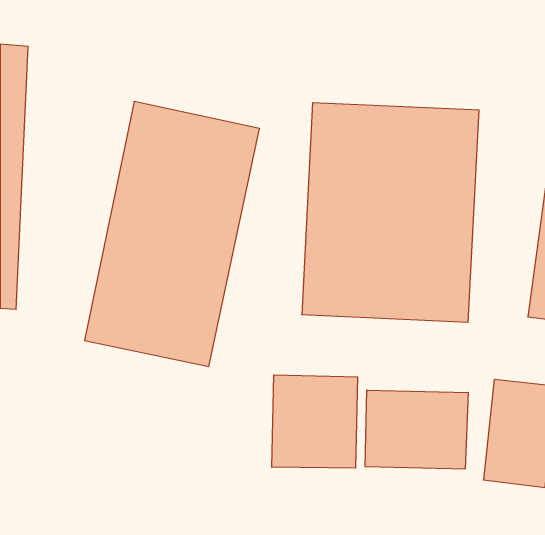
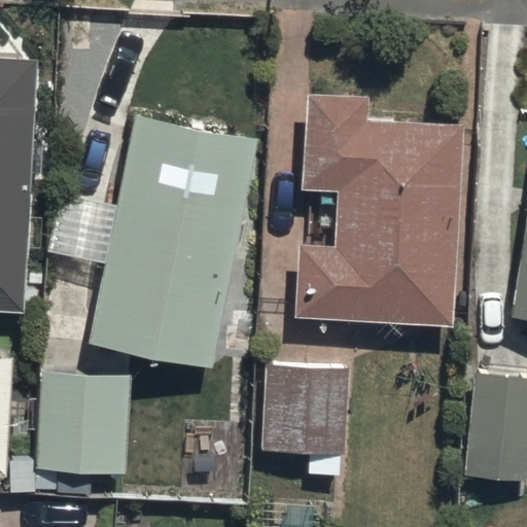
building: none -> [40,377,134,482]
building: [365,390,468,469] -> none

